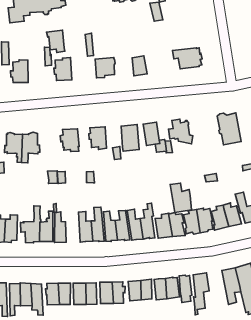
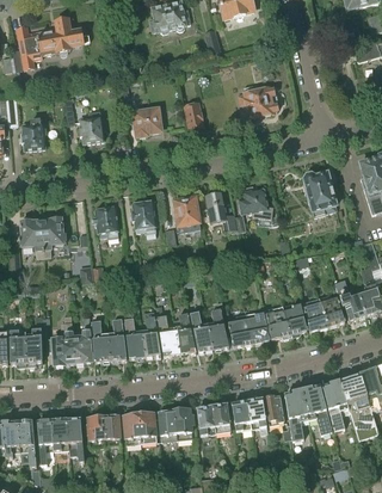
building: [46,30,65,53] -> none
building: [170,183,192,213] -> none
building: none -> [107,319,127,360]
building: none -> [302,386,332,435]

